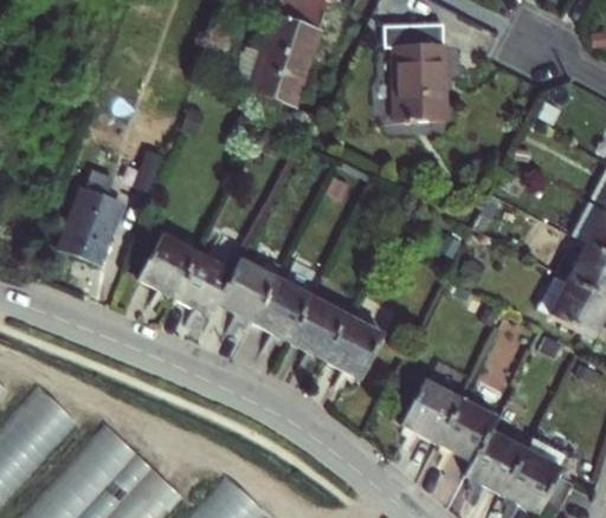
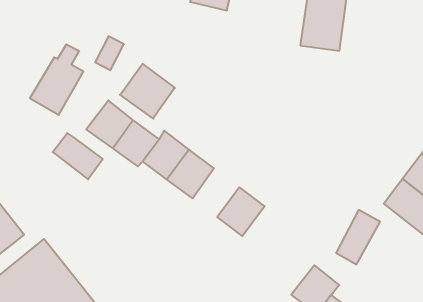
building: none -> [120,64,175,119]
building: none -> [53,133,103,179]
building: [290,297,348,358] -> none
building: [400,380,459,442] -> none

